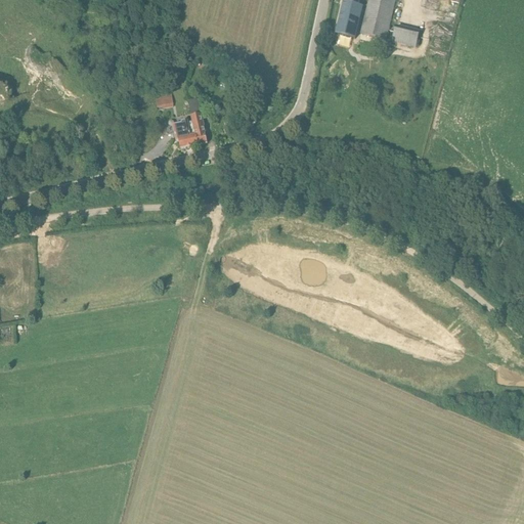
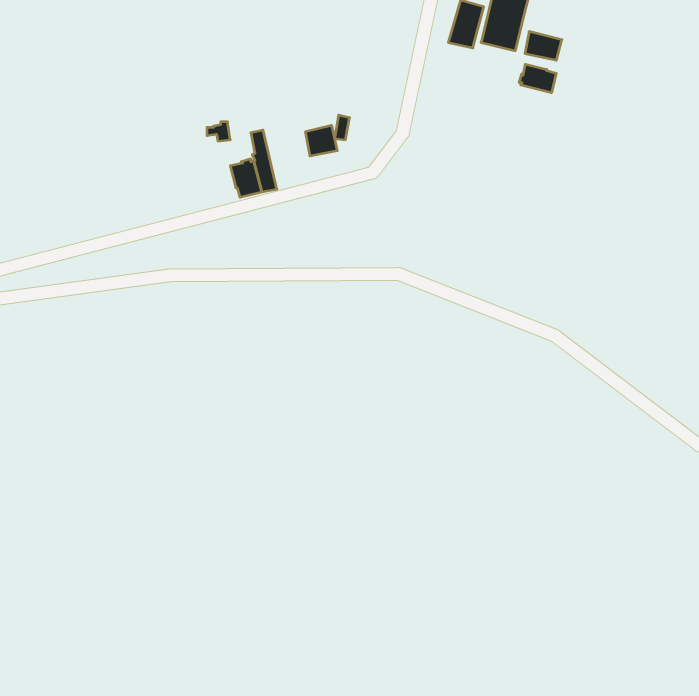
building: none -> [519,64,556,93]
building: none -> [306,125,337,156]

